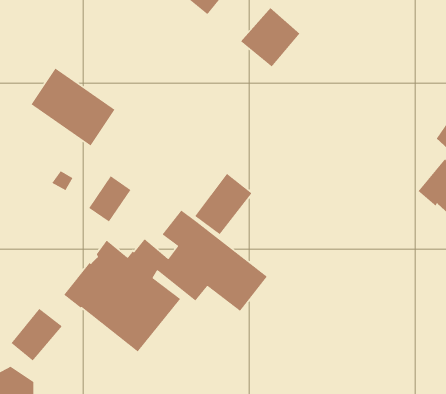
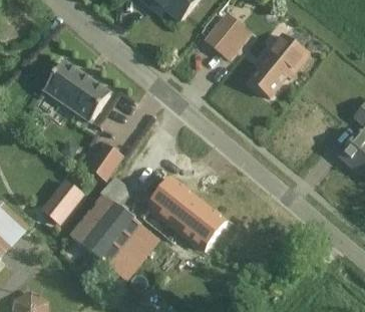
building: none -> [250,34,310,95]
building: [194,173,252,235] -> none
building: [10,308,63,362] -> [42,178,82,219]

